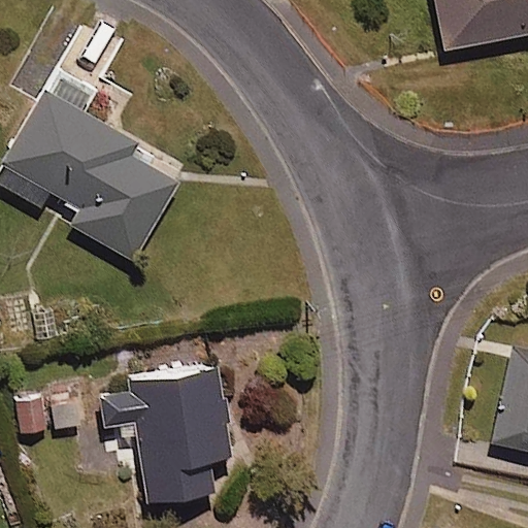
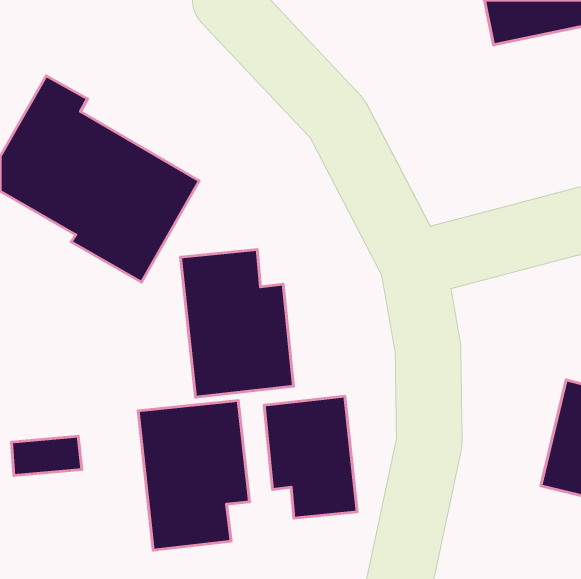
building: none -> [181,250,293,397]
building: none -> [264,396,357,518]

